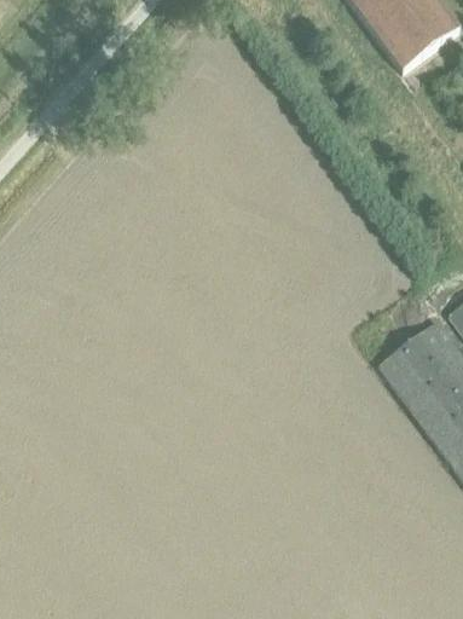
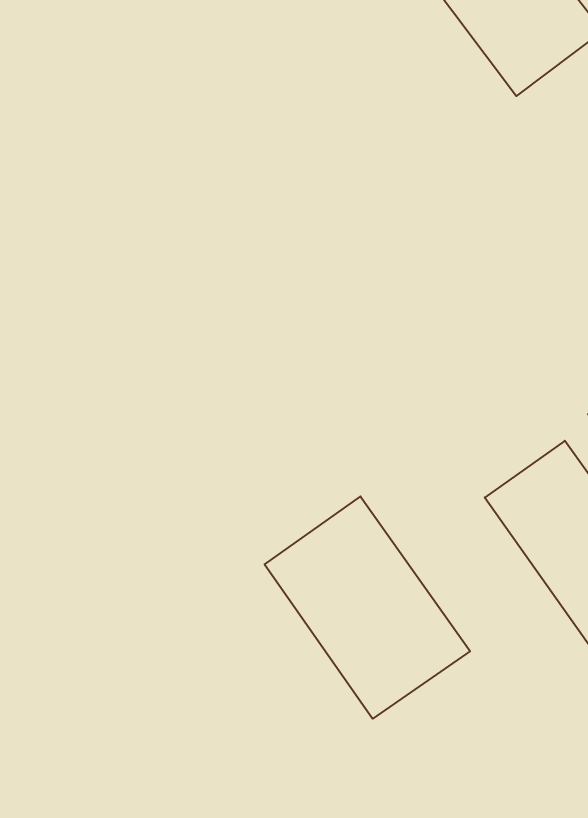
building: none -> [265,496,470,719]

